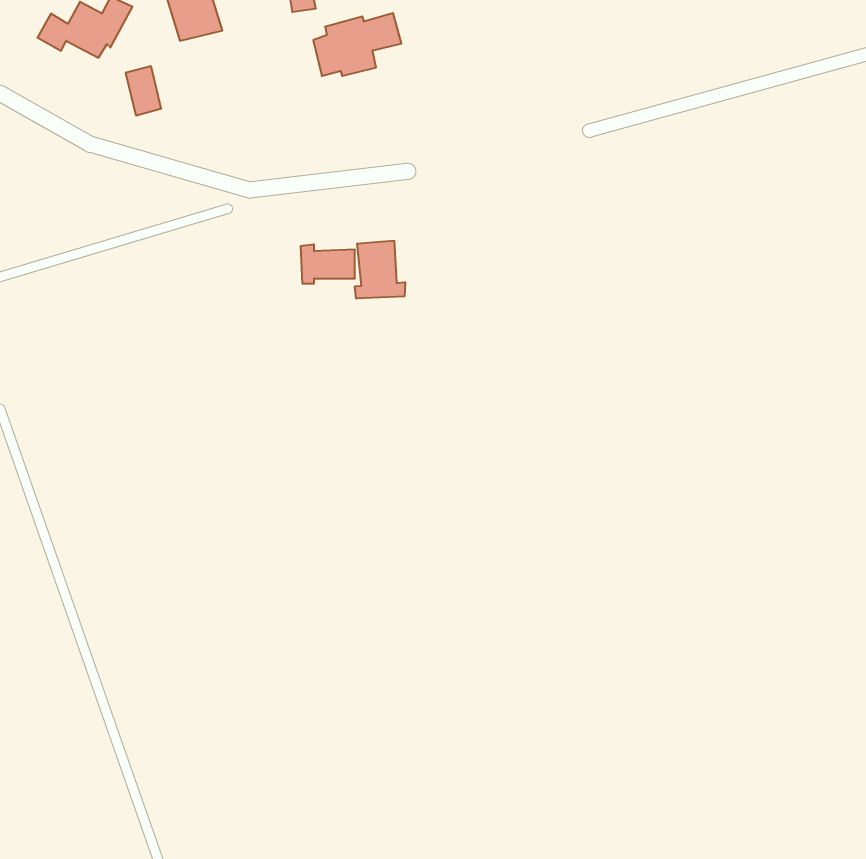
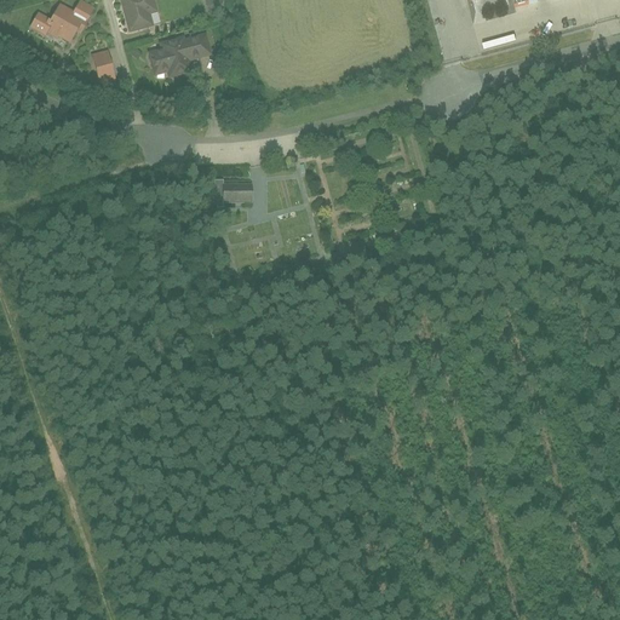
building: [313,13,401,76] -> [149,30,212,75]
building: [355,241,405,299] -> none

